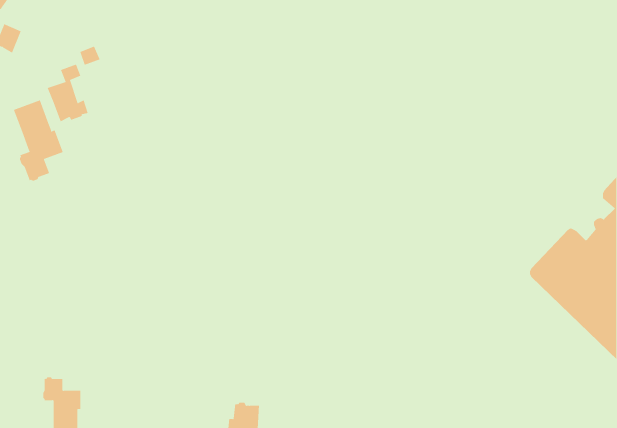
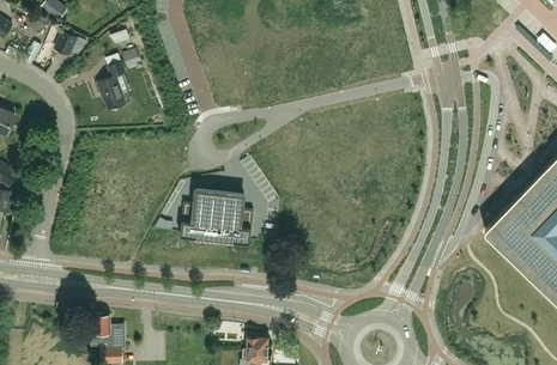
building: [13,99,63,182] -> none
building: none -> [180,189,254,243]

